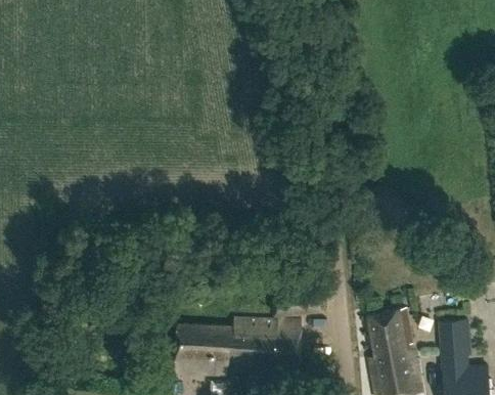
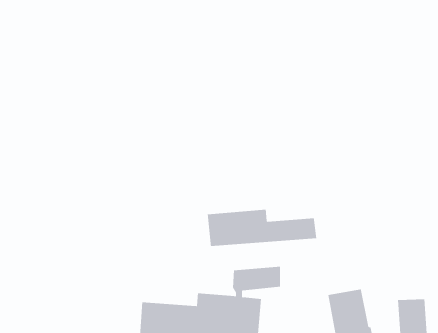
building: none -> [207,209,317,247]

